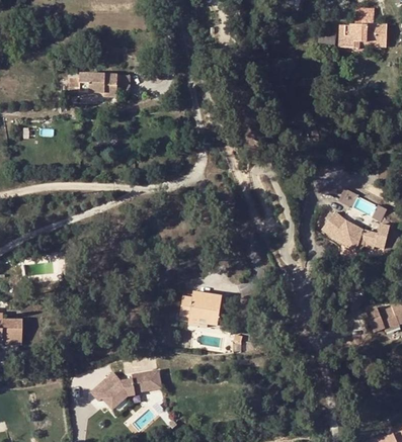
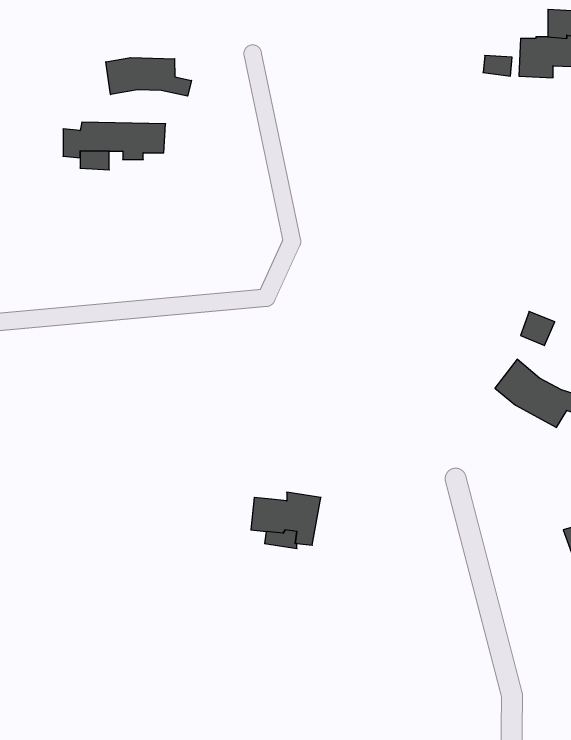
building: none -> [106,58,191,96]
building: [89,366,160,407] -> none

